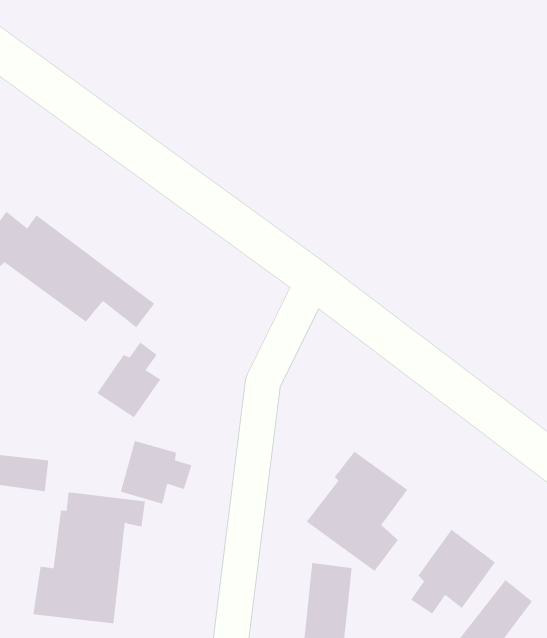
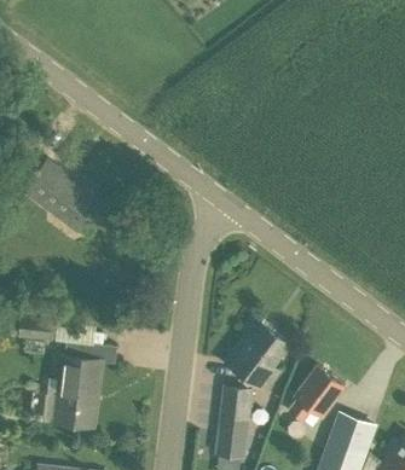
building: [96,342,161,418] -> none
building: [120,440,192,505] -> none

